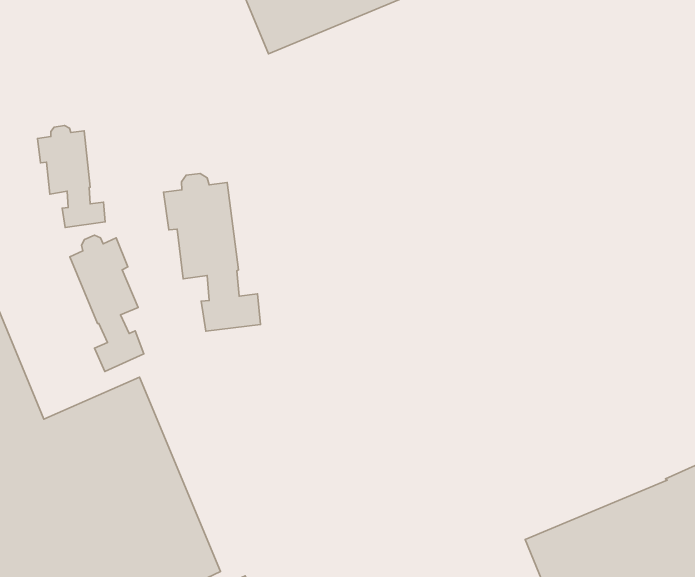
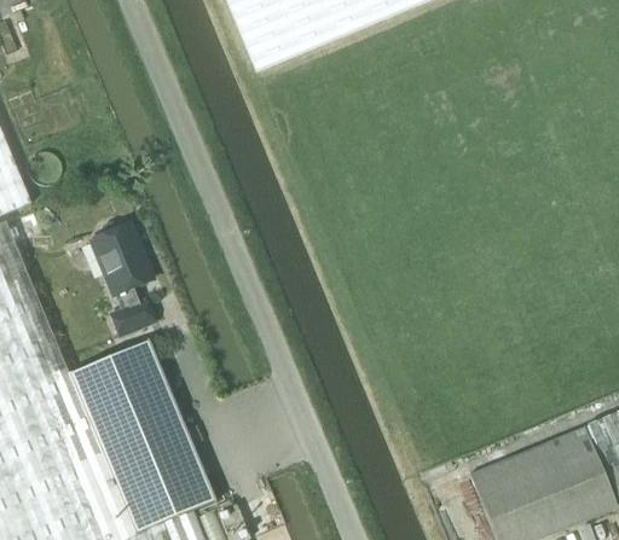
building: [37,126,105,227] -> none
building: [164,173,261,331] -> none

